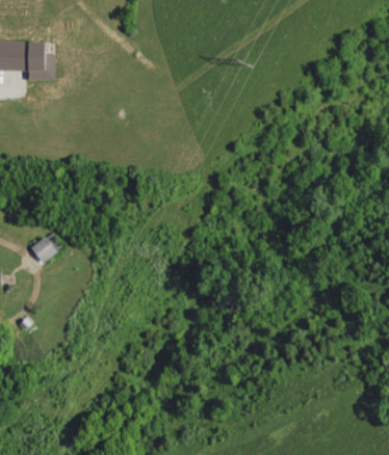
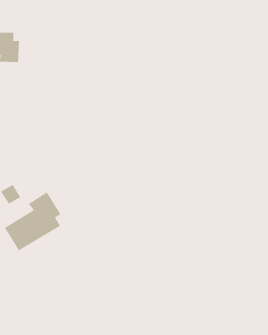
building: none -> [4,192,61,251]

